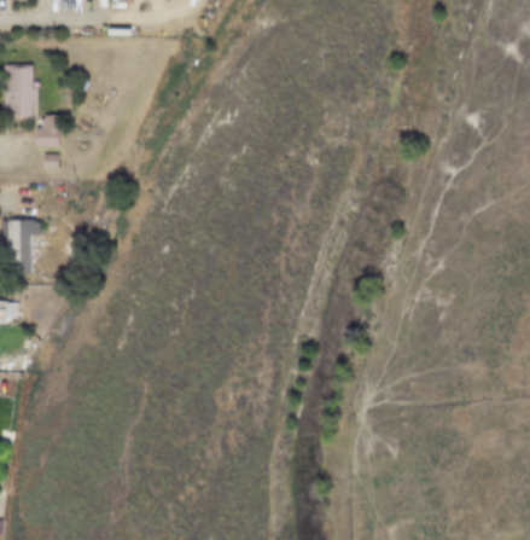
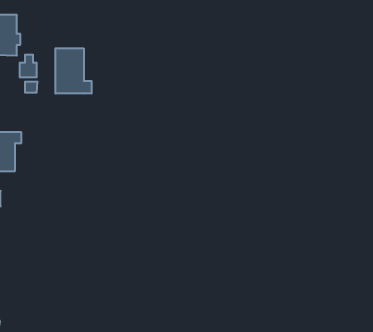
building: none -> [55,48,92,94]

